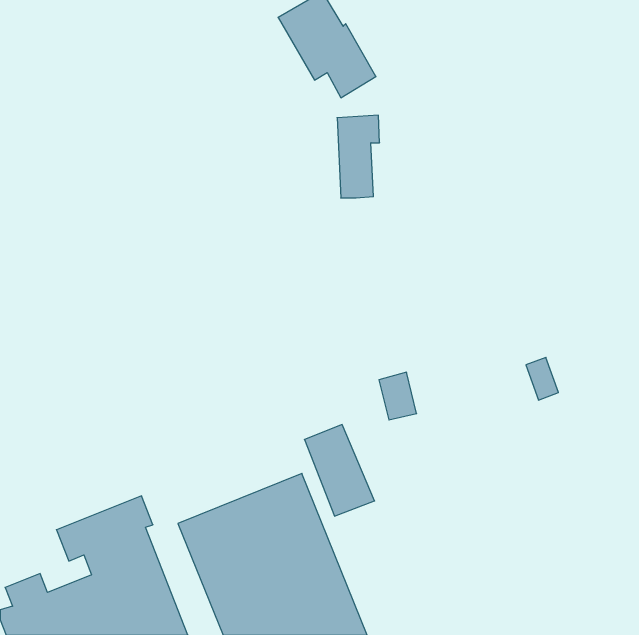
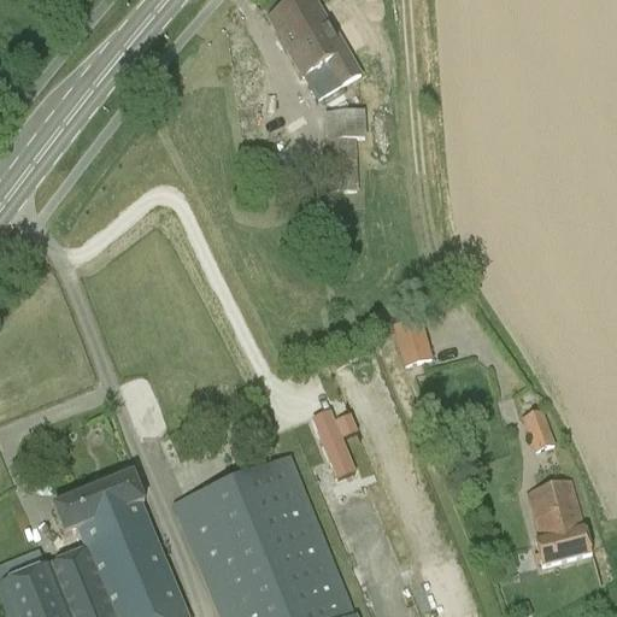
building: [526,357,558,400] -> [523,411,554,452]
building: [379,372,417,420] -> [396,321,433,366]
building: none -> [527,480,593,568]

